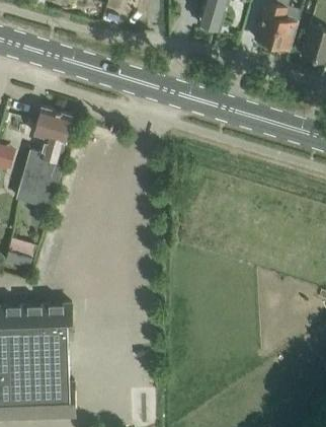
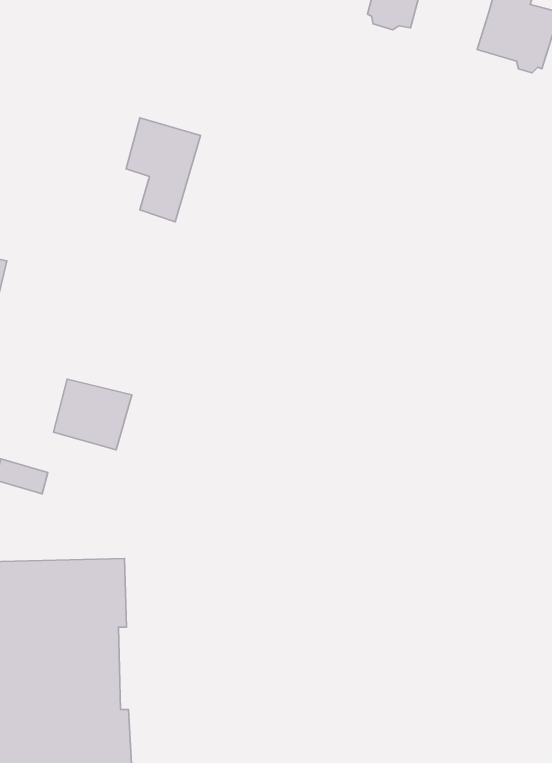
building: [33,108,72,161] -> [126,118,201,222]
building: [19,165,60,202] -> [53,379,132,450]

